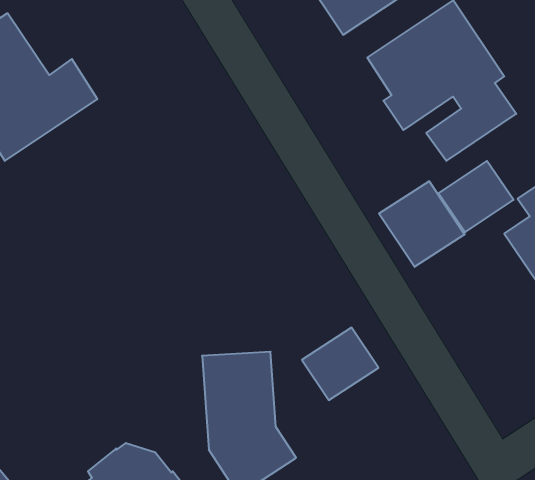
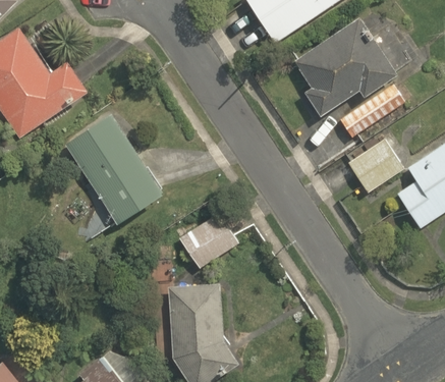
building: none -> [65,113,164,224]
building: [379,181,465,267] -> none
building: [302,328,378,400] -> [179,213,237,268]

